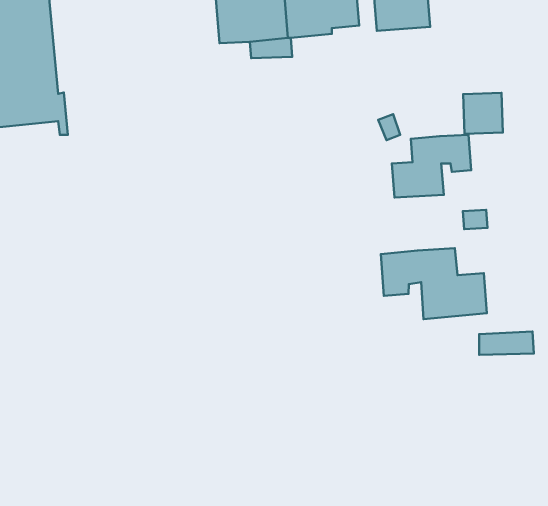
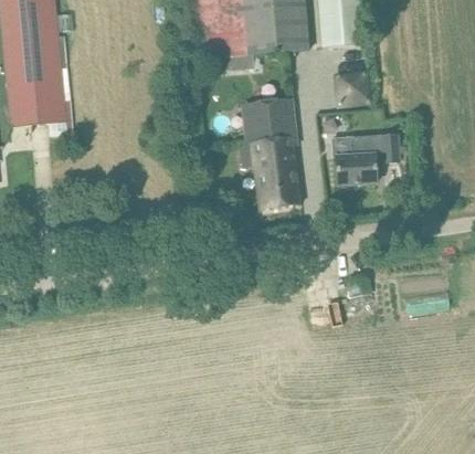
building: none -> [238,96,299,208]
building: [463,93,503,134] -> [336,71,368,104]
building: [381,248,487,319] -> none

